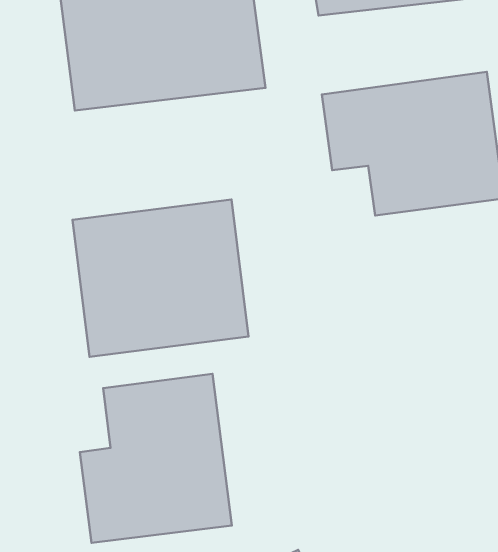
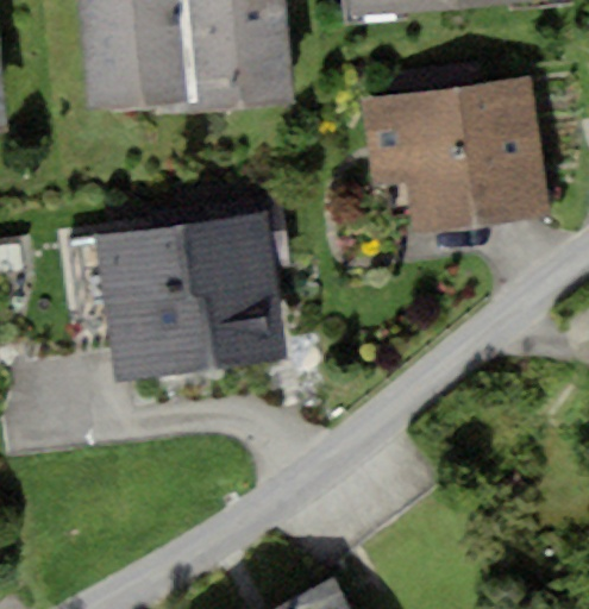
building: [80,374,232,543] -> none

